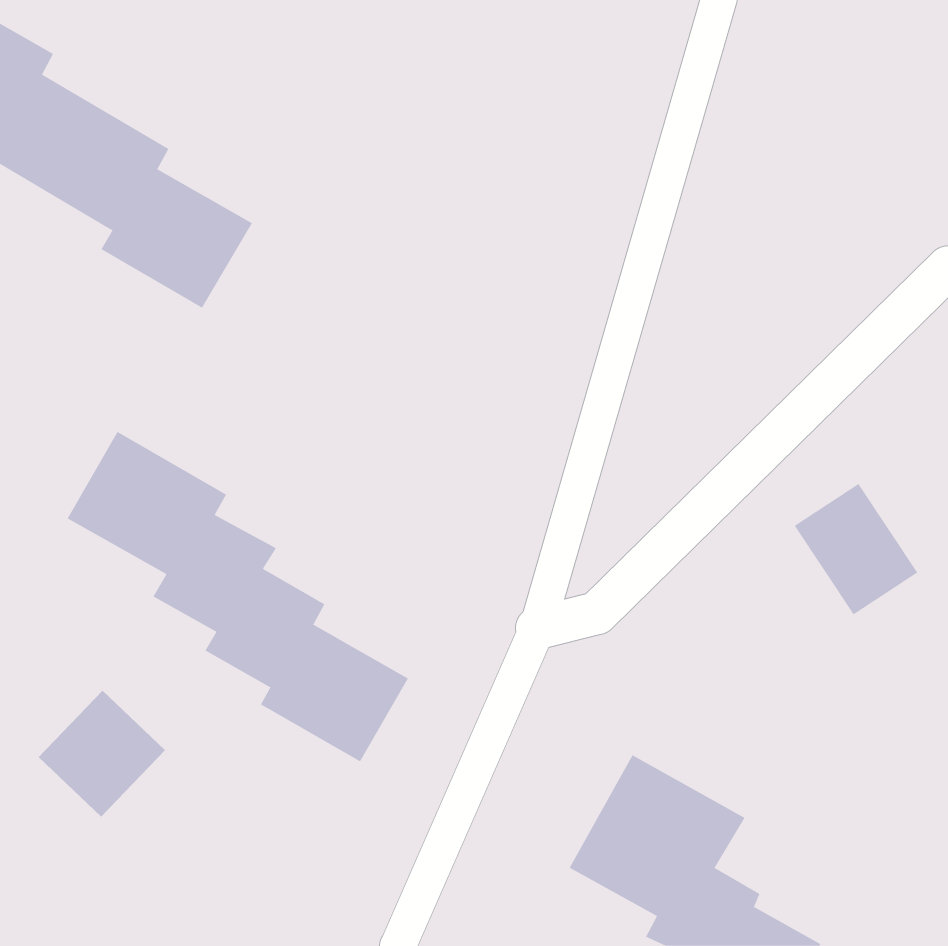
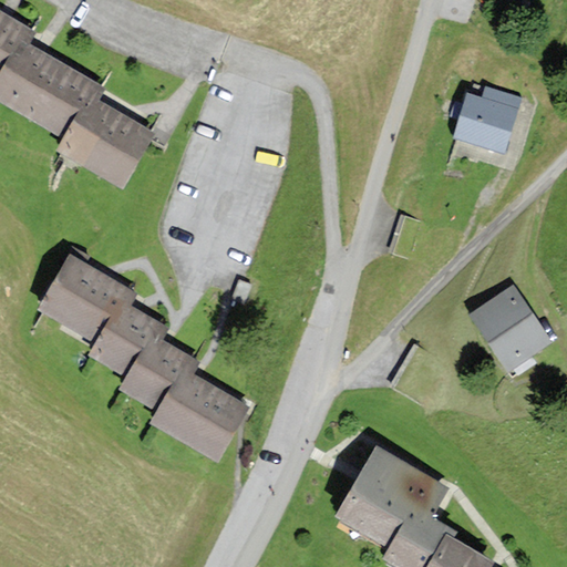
building: none -> [454,86,519,151]
building: [38,690,166,818] -> none

